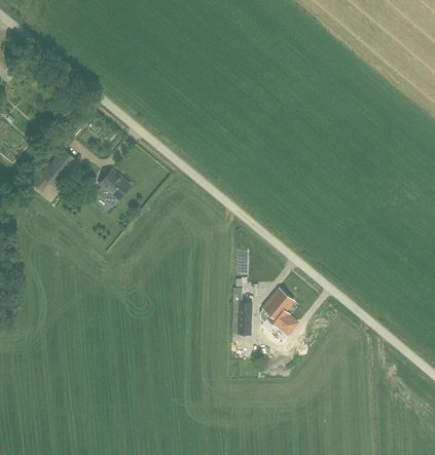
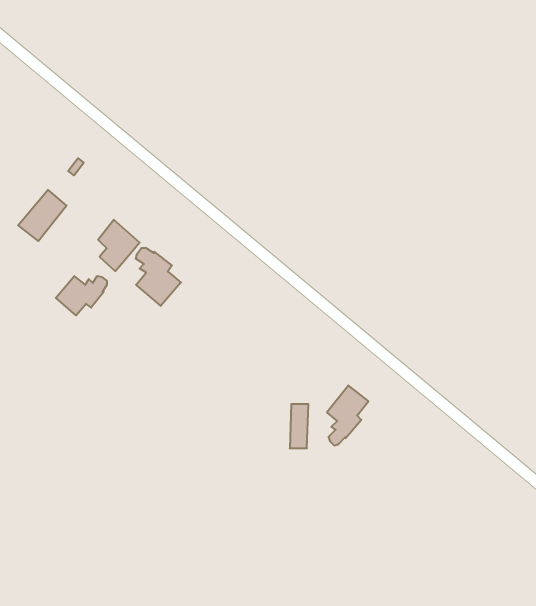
building: none -> [136,248,181,306]
building: none -> [56,276,107,315]

